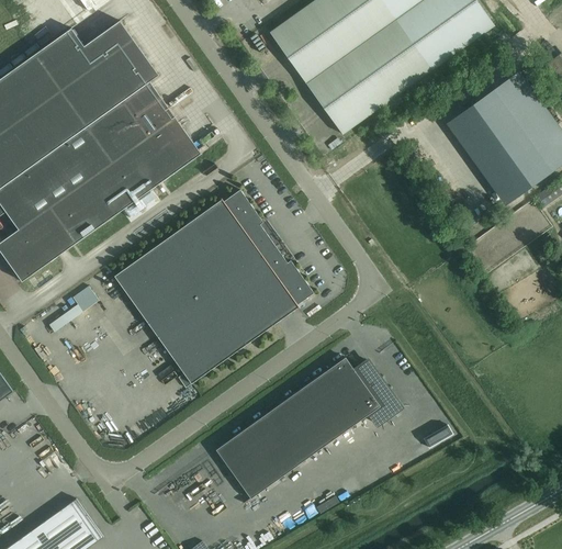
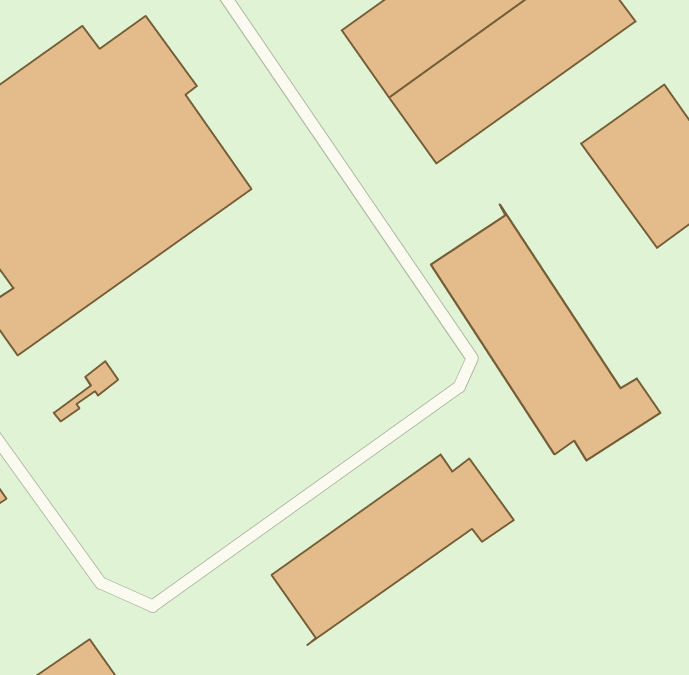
building: none -> [431,204,660,461]
building: [113,190,313,388] -> none

